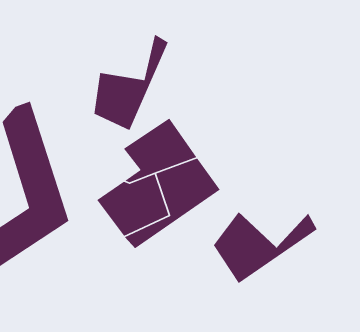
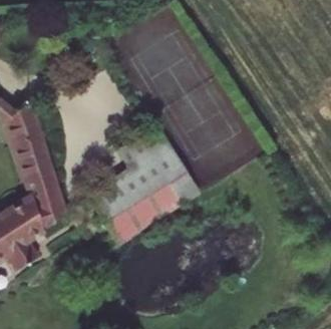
building: [93,34,169,131] -> none
building: [213,211,318,284] -> none

